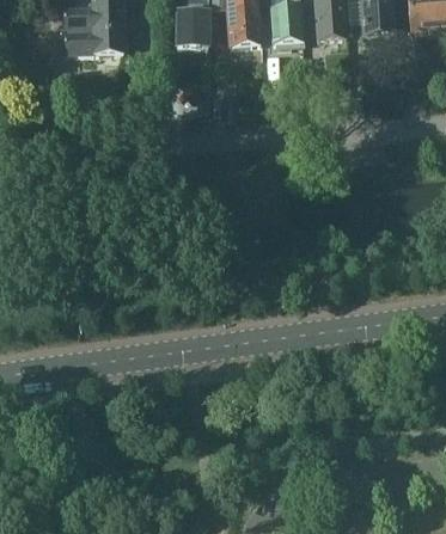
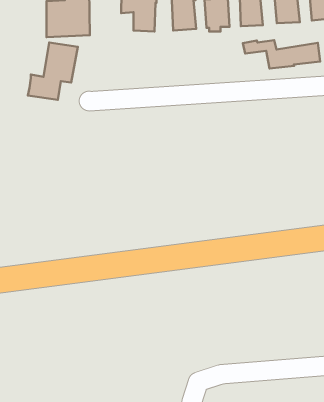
building: none -> [243,40,320,68]
building: none -> [28,43,78,100]

